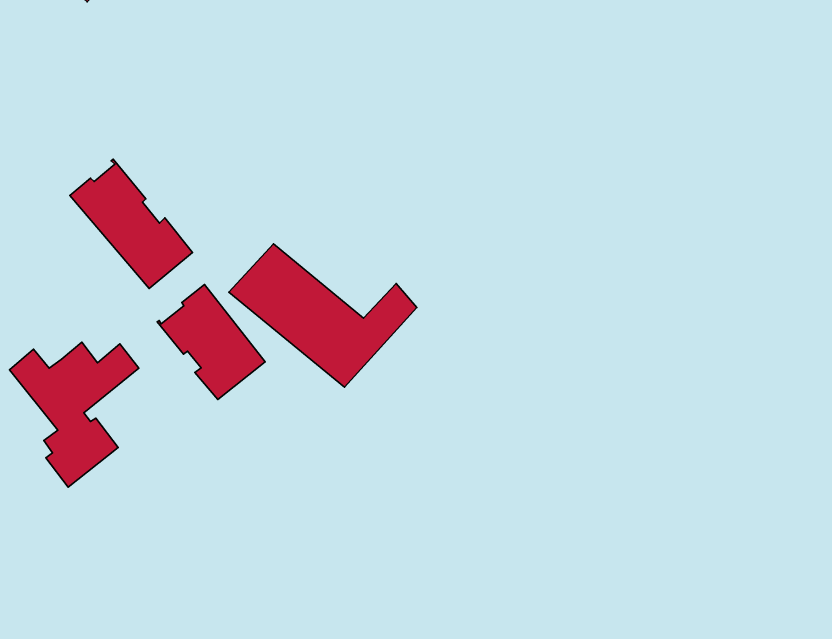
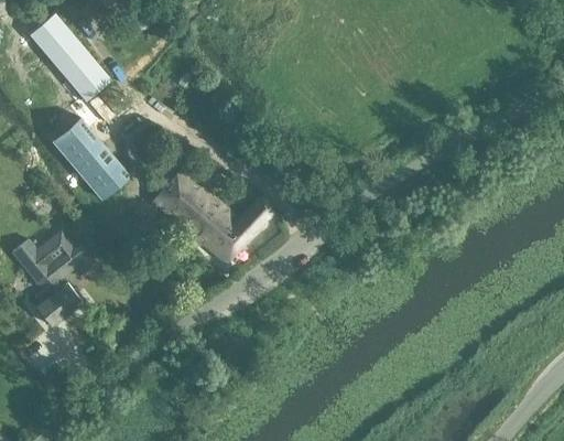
building: none -> [28,25,106,109]
building: [157,284,265,399] -> none

